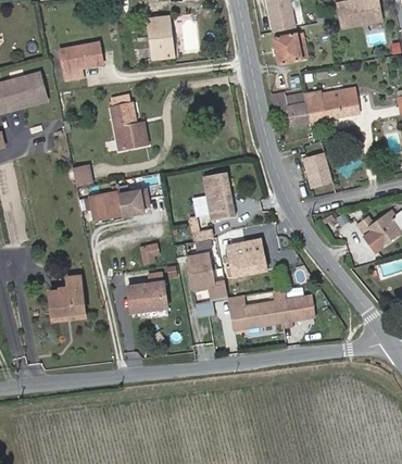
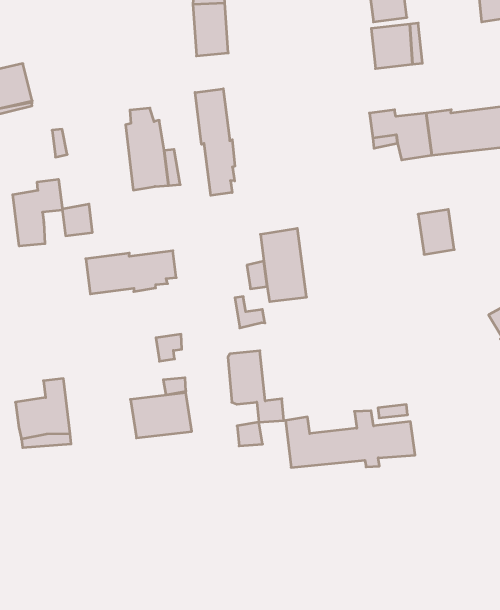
building: [66,46,106,84] -> none
building: none -> [195,89,235,195]
building: none -> [13,179,62,246]
building: [225,239,264,277] -> none

